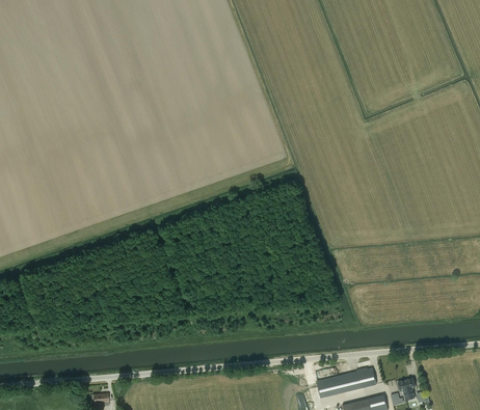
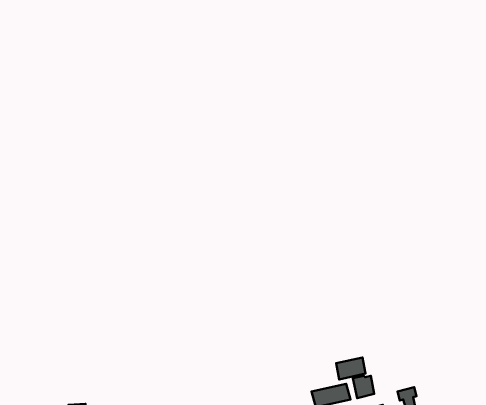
building: none -> [336,357,365,379]

